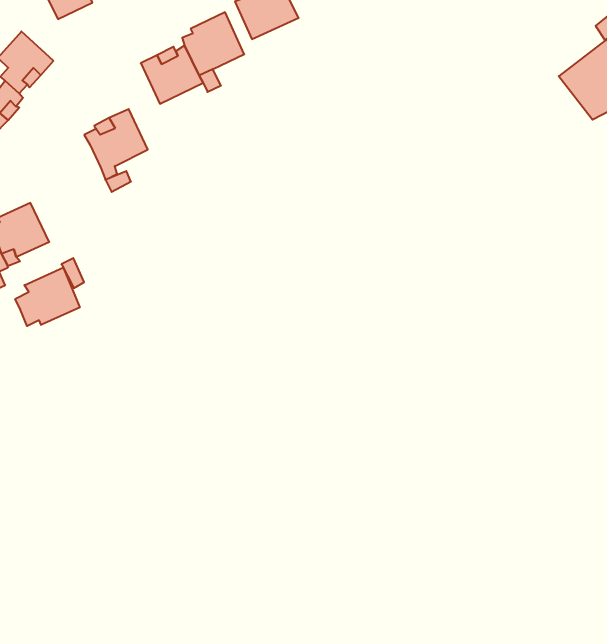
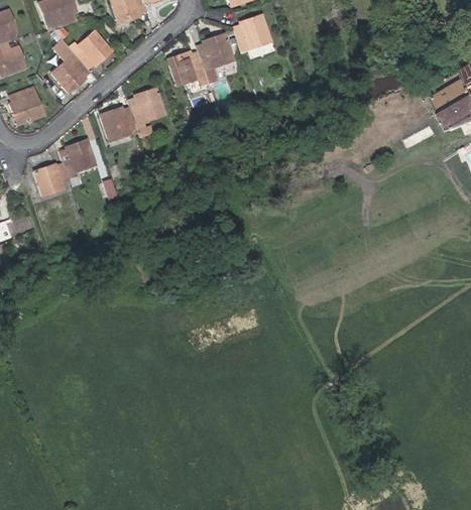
building: none -> [100,106,134,141]
building: [15,268,80,326] -> none

